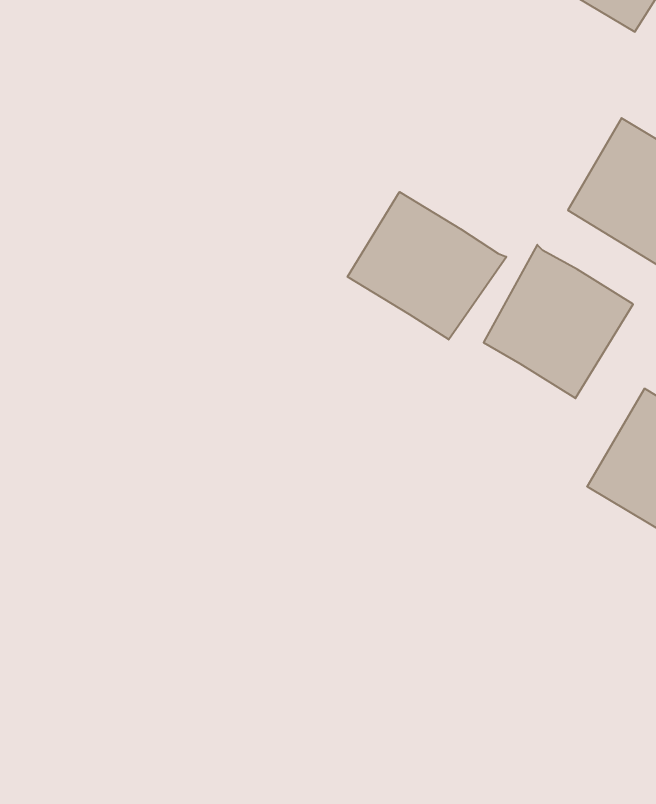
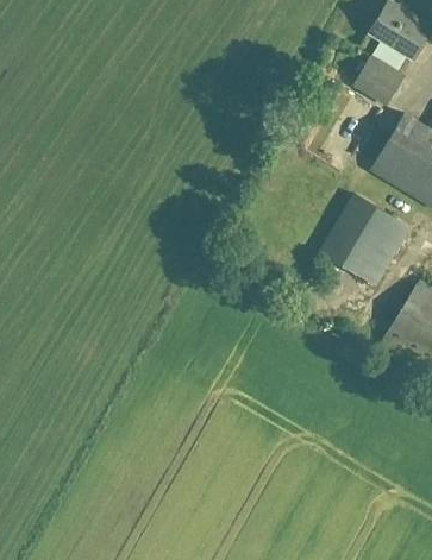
building: none -> [355,56,405,103]
building: [348,192,506,340] -> none

